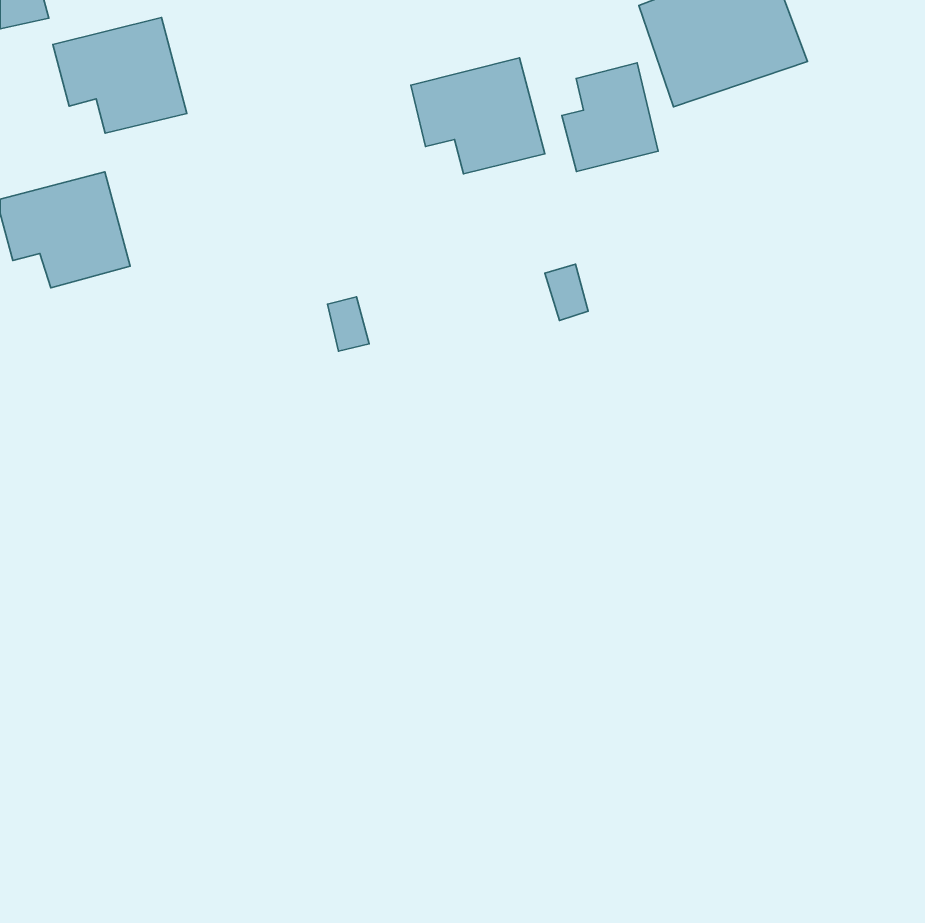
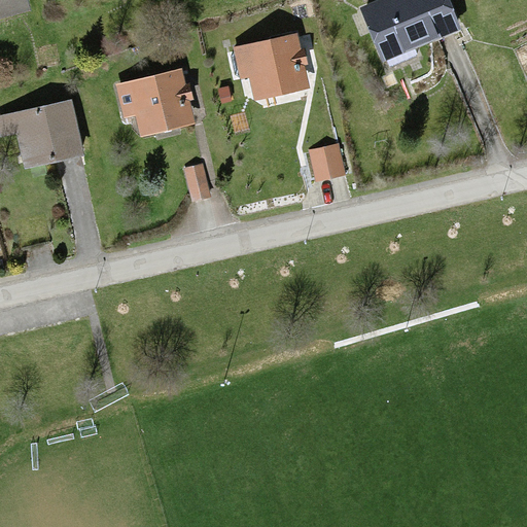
building: [53,17,187,133] -> [118,68,195,134]
building: [562,63,658,172] -> none

